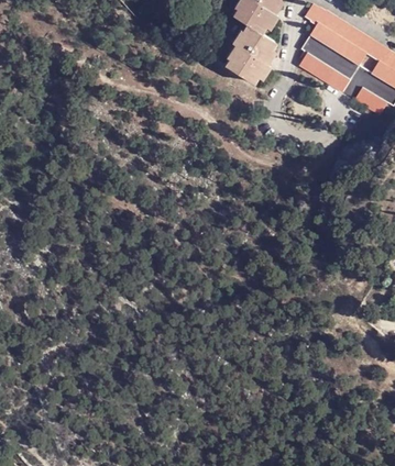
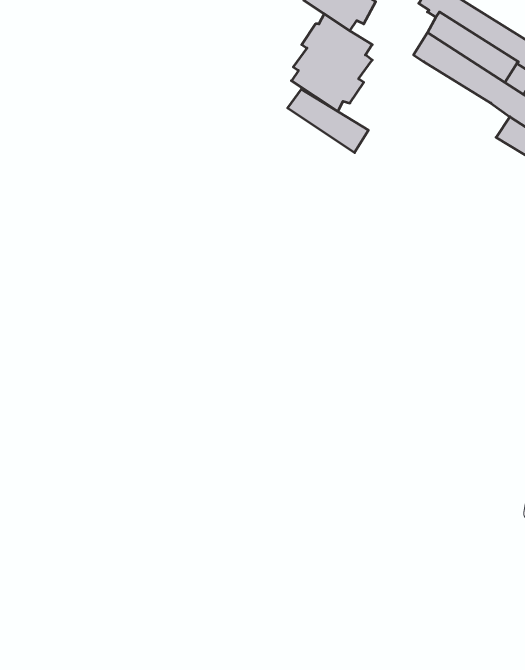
building: [297,55,349,96] -> [288,89,368,153]

